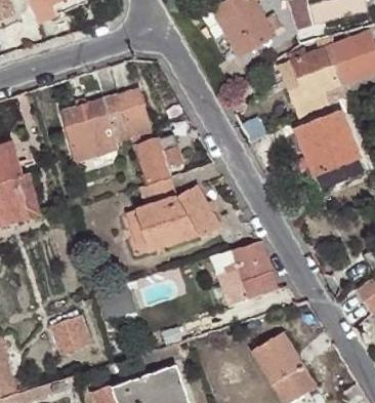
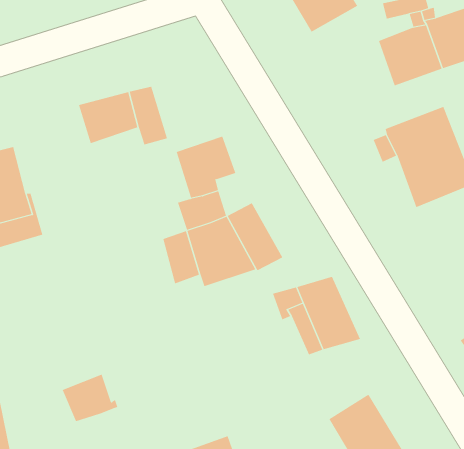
building: [117,87,153,135] -> none
building: [70,127,115,160] -> none

